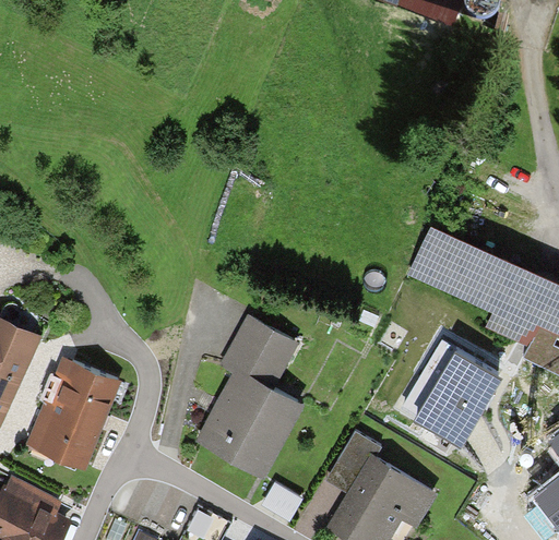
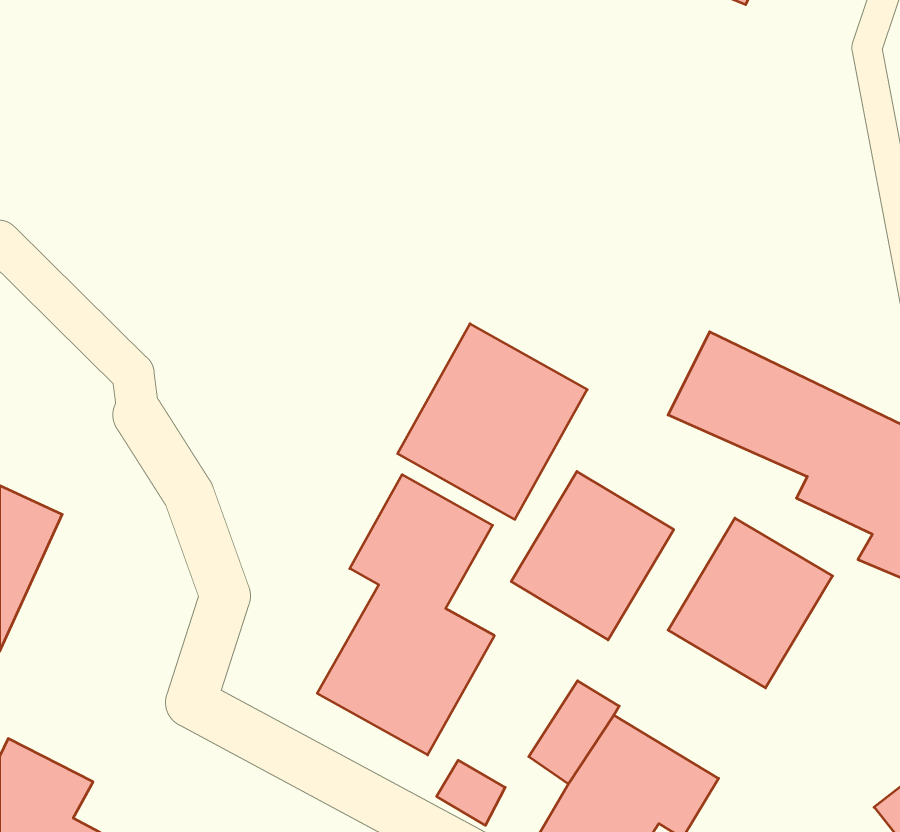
building: none -> [398,324,587,519]
building: none -> [511,471,674,640]
building: [26,359,118,470] -> none

